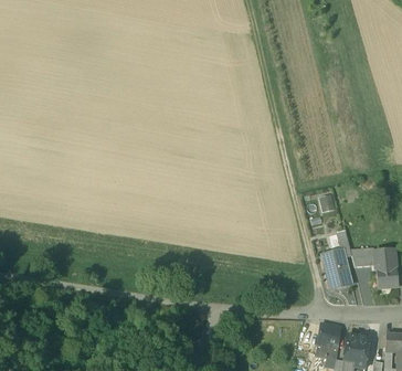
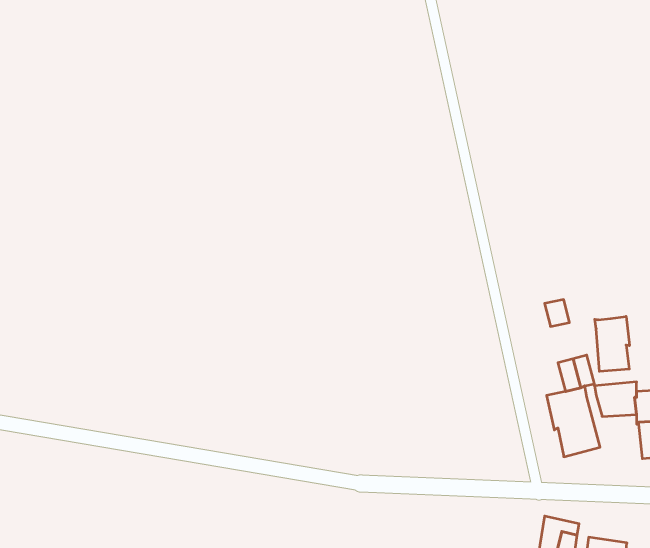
building: none -> [595,316,629,371]

